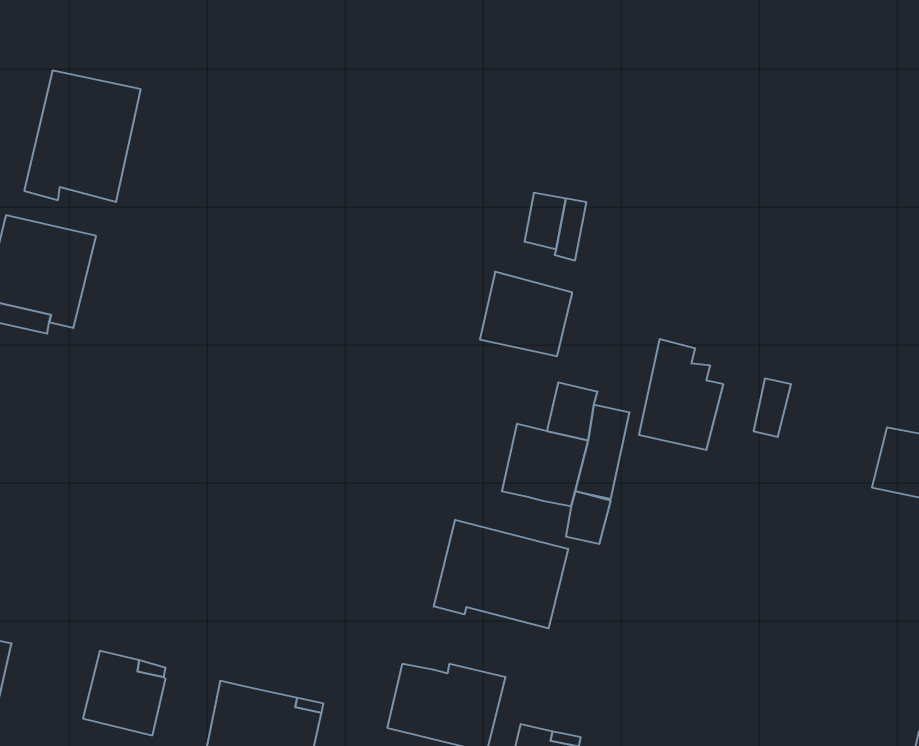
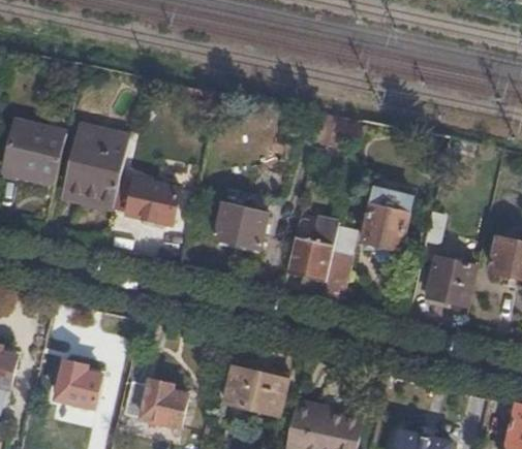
building: [24,71,141,202] -> [63,126,127,198]
building: [480,272,572,356] -> [216,202,267,249]
building: none -> [127,177,181,224]
building: none -> [426,255,477,303]
building: [434,520,568,628] -> none

